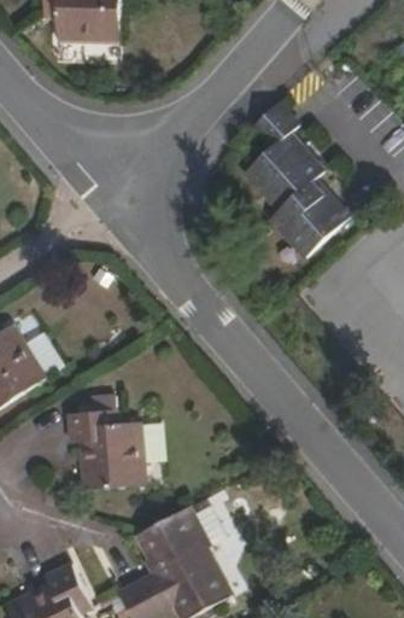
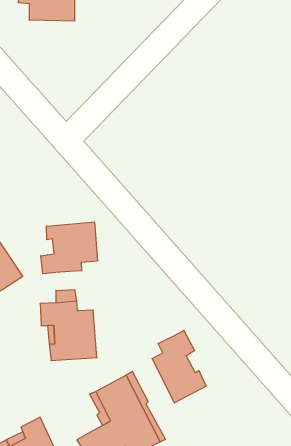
building: [245,101,349,256] -> none
building: none -> [41,222,97,274]
building: none -> [152,330,206,403]

